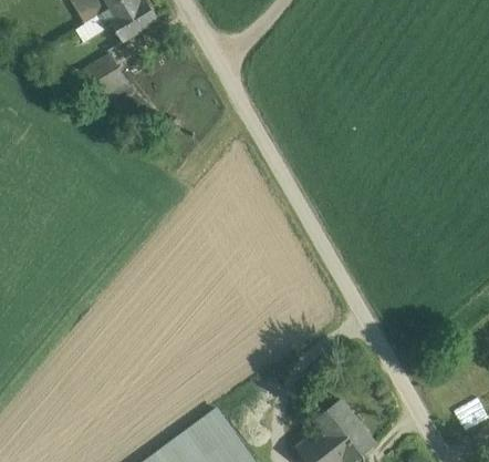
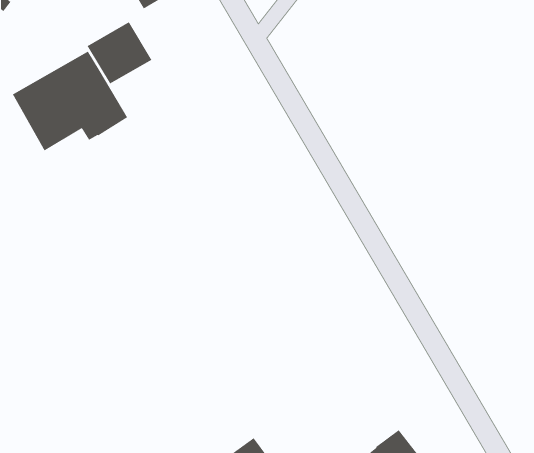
building: none -> [12,51,128,151]

